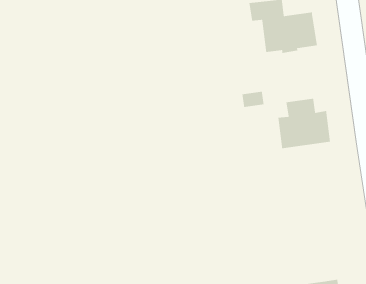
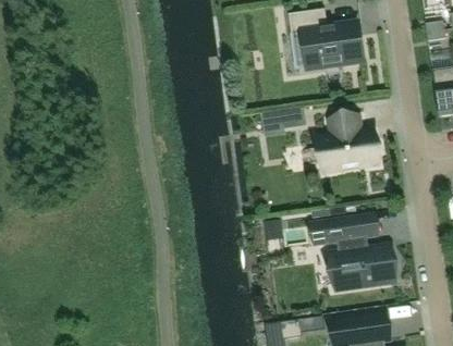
building: none -> [314,218,394,289]

